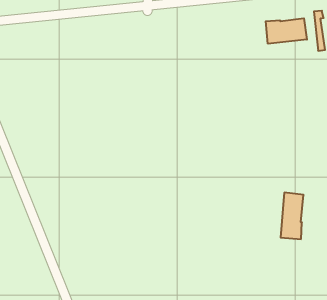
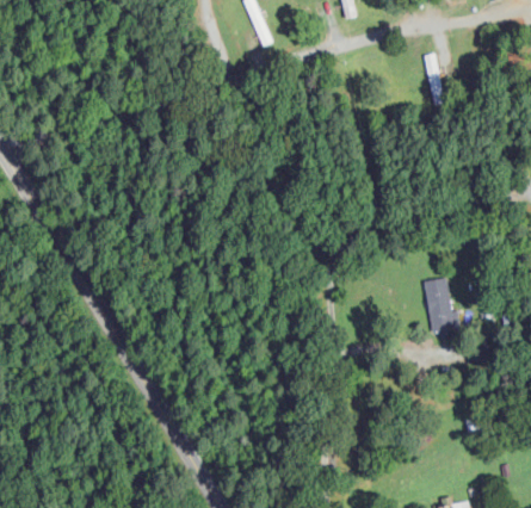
building: [266,18,307,44] -> none

